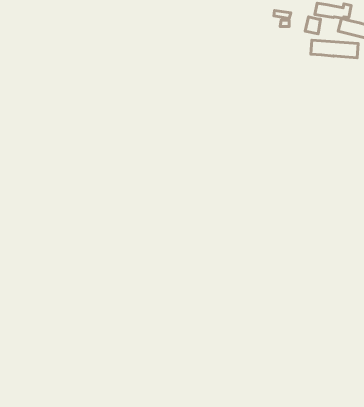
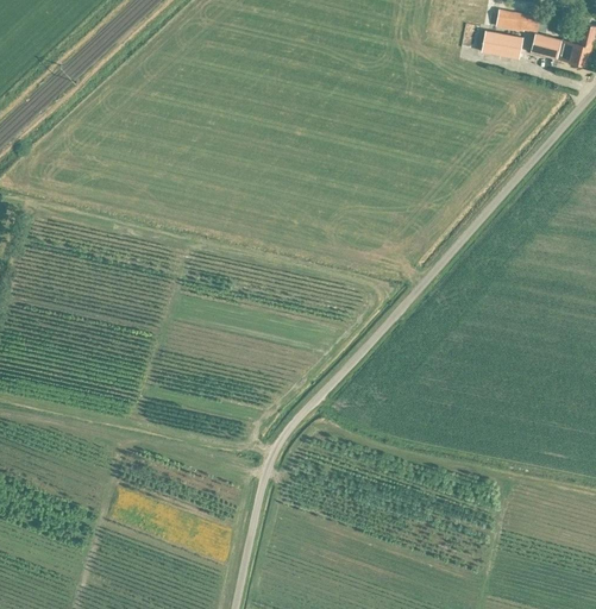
building: [311,40,358,58] -> none

